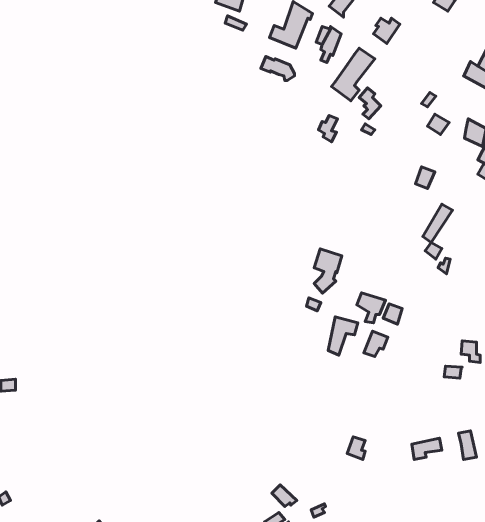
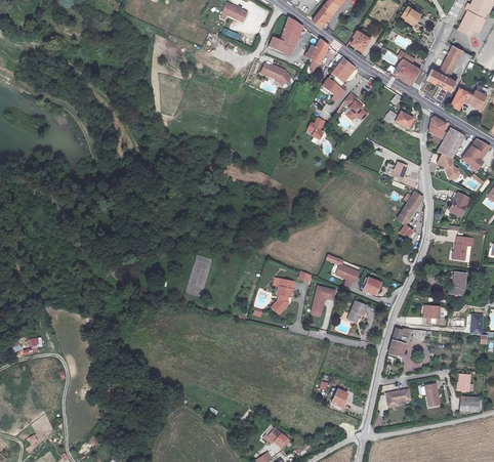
building: none -> [395,55,421,85]
building: [314,249,342,293] -> [267,278,291,316]
building: none -> [388,327,411,356]

